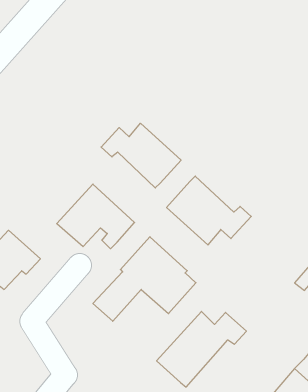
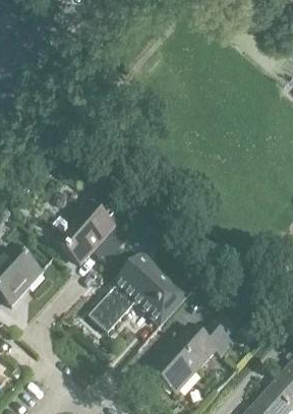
building: [101,123,181,188] -> none
building: [167,176,251,245] -> none

